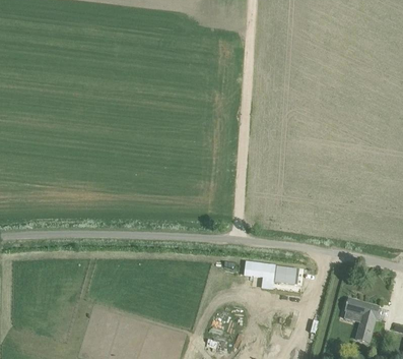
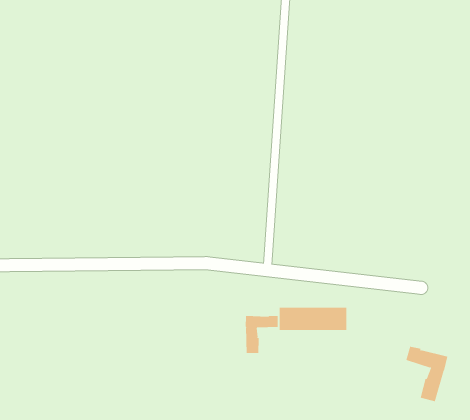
building: none -> [245,315,278,354]

